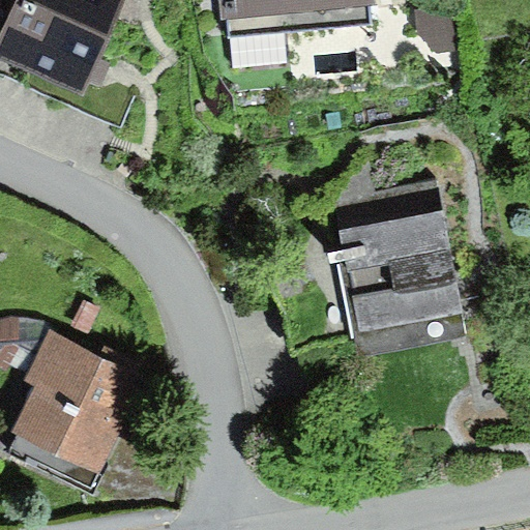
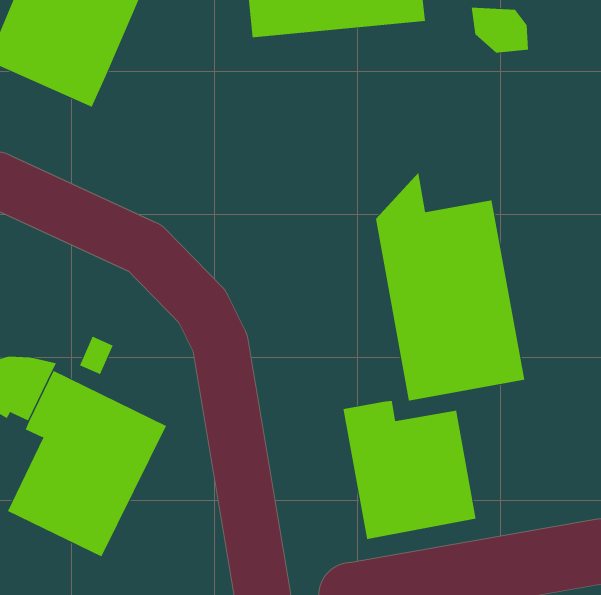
building: none -> [343,400,476,540]

